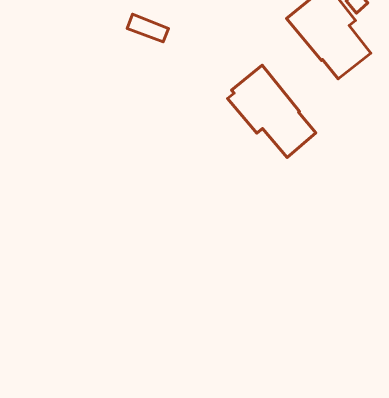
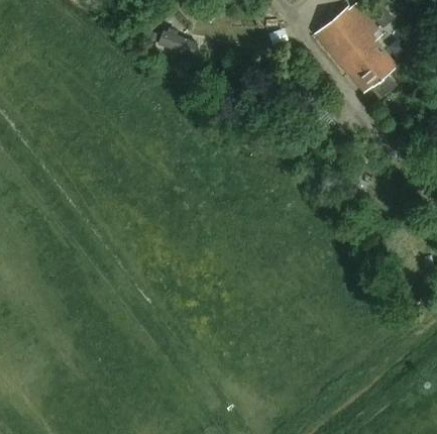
building: [227,65,316,158] -> none

